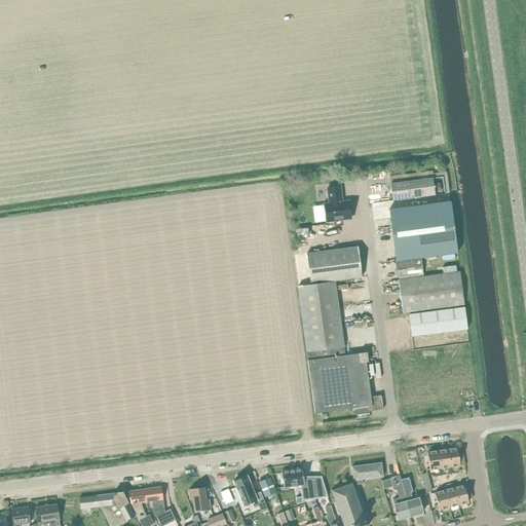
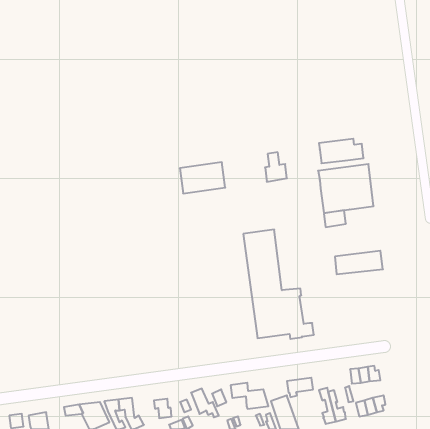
building: [306,246,362,284] -> [180,162,225,193]
building: [398,270,463,311] -> none

